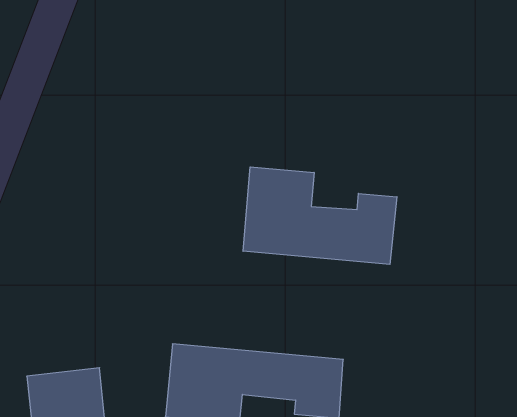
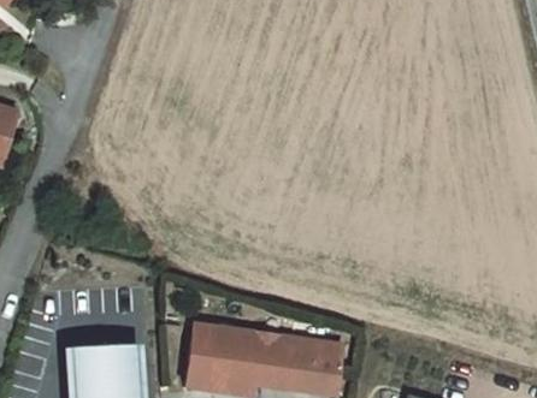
building: [243,167,397,264] -> none

